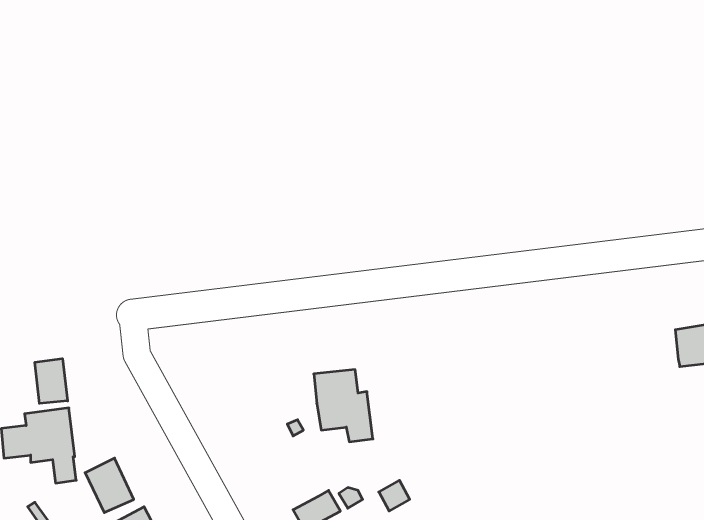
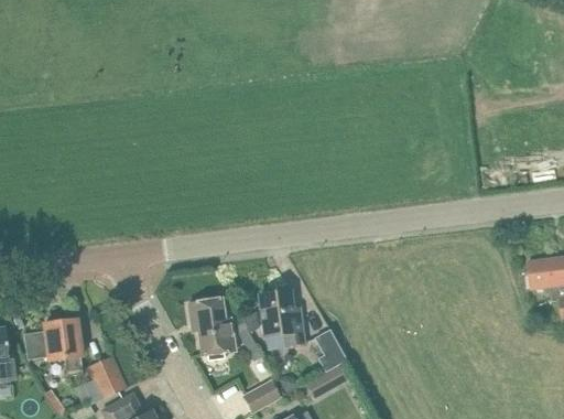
building: [35,359,68,403] -> none
building: none -> [188,298,235,358]
building: none -> [315,327,347,370]

